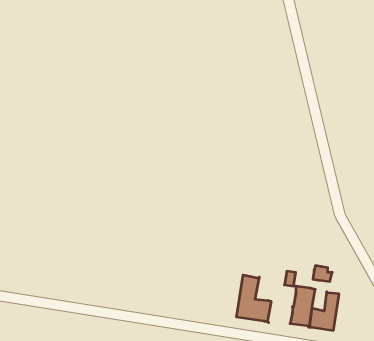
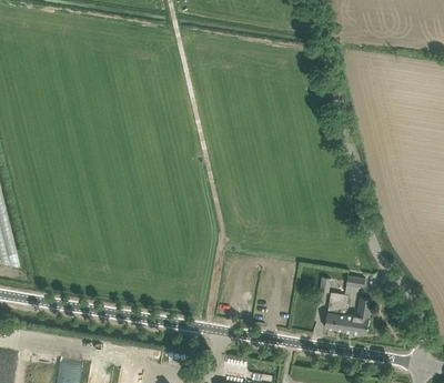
building: [237,275,271,323] -> none

